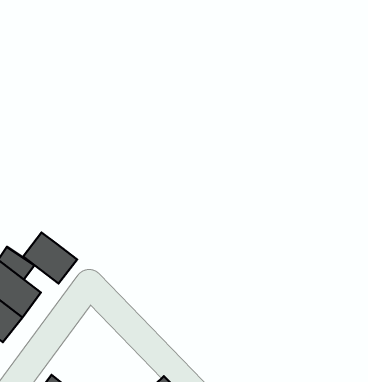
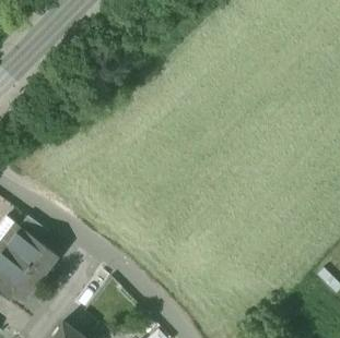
building: [23,233,77,283] -> none

